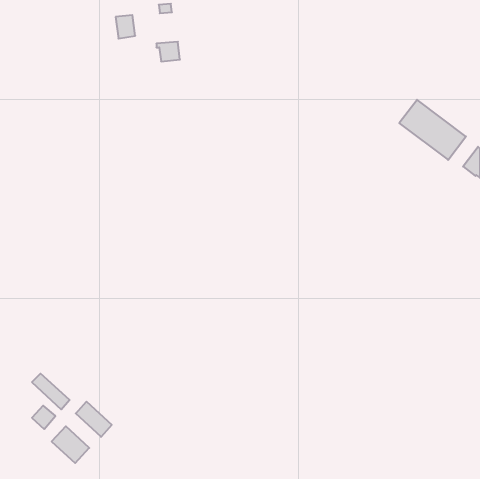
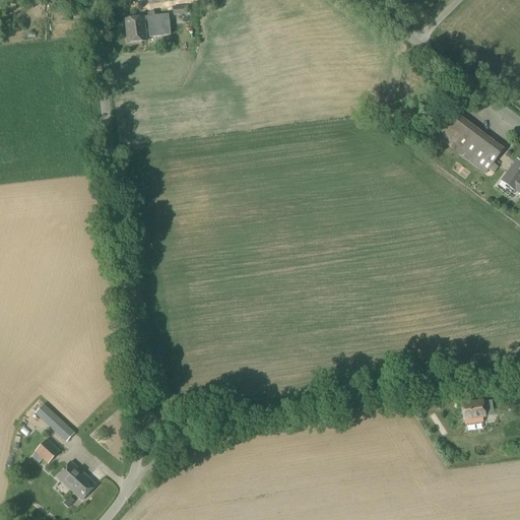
building: [156,42,180,61] -> [144,14,170,36]
building: none -> [461,396,496,424]
building: [76,402,112,437] -> none

